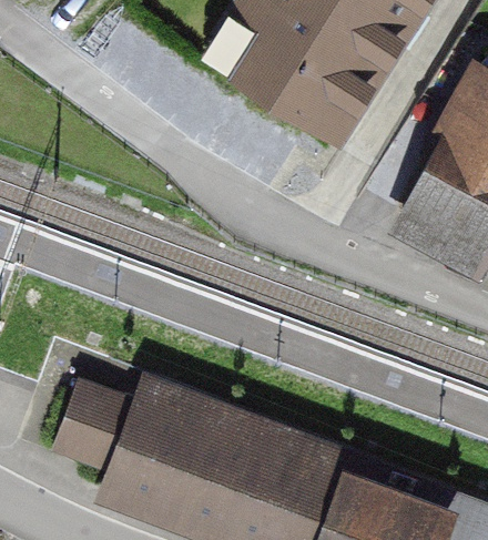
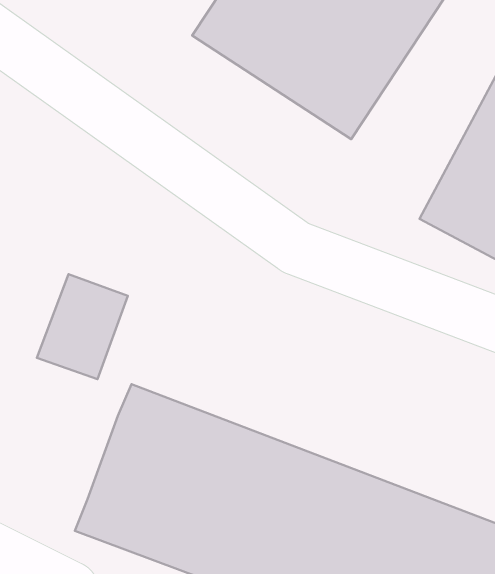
building: [51,378,131,470] -> [37,274,128,379]

